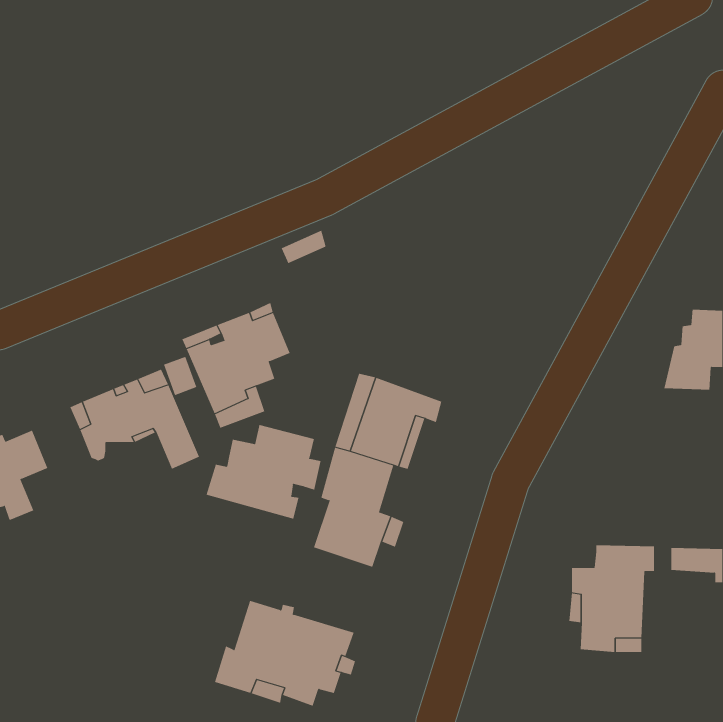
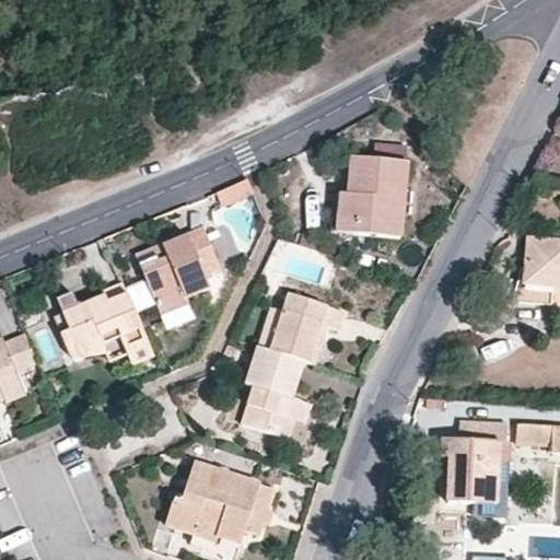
building: none -> [332,155,410,236]
building: [206,424,321,519] -> none

